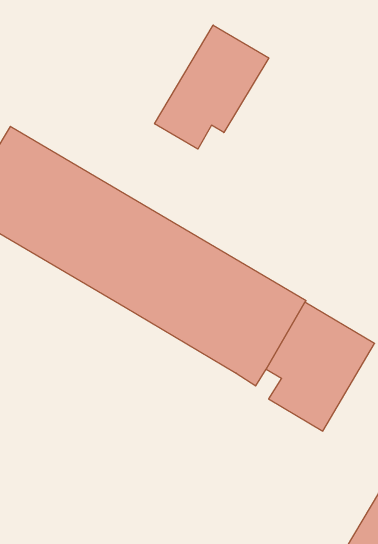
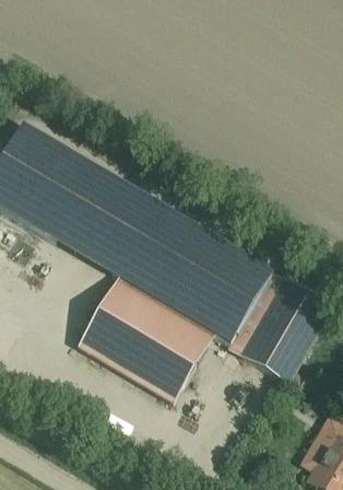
building: [155,25,269,149] -> none
building: none -> [78,275,213,399]

